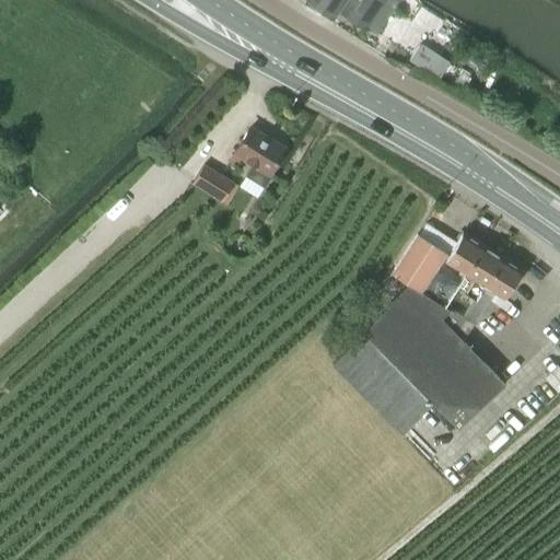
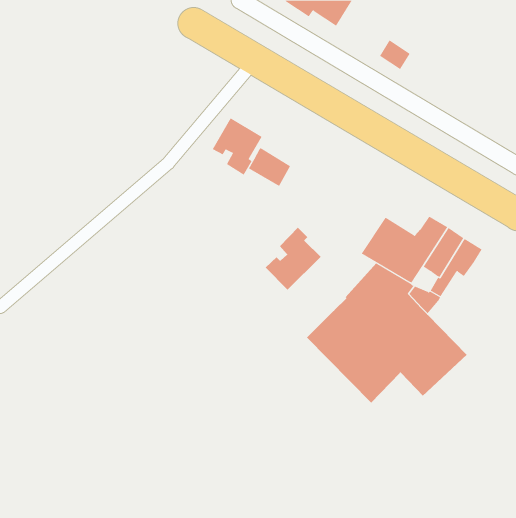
building: none -> [248,147,291,187]
building: [194,164,235,202] -> none
building: none -> [265,227,321,291]

